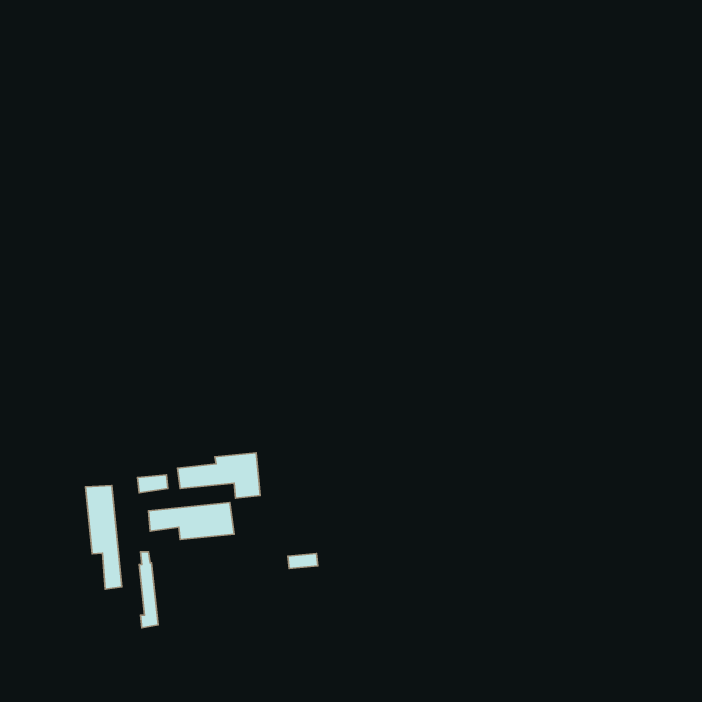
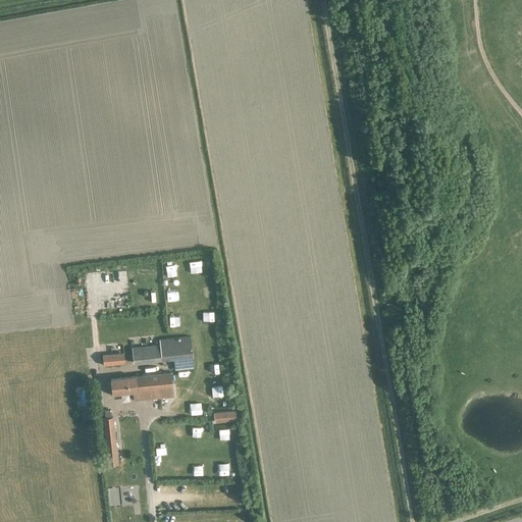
building: [85,485,122,589] -> none

